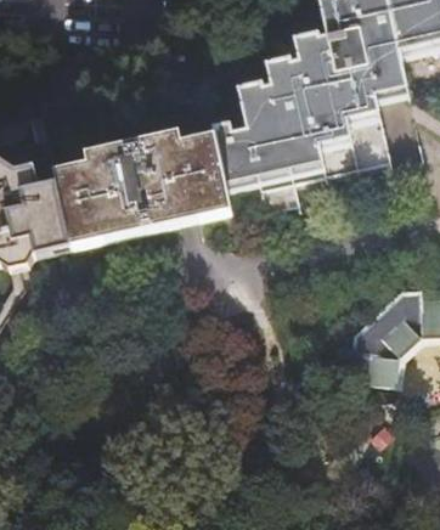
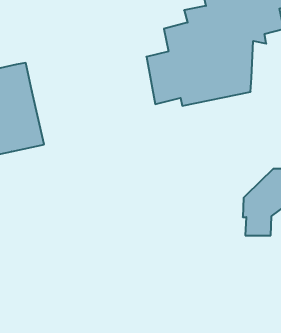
building: [359,106,393,176] -> none
building: [55,128,231,249] -> none

